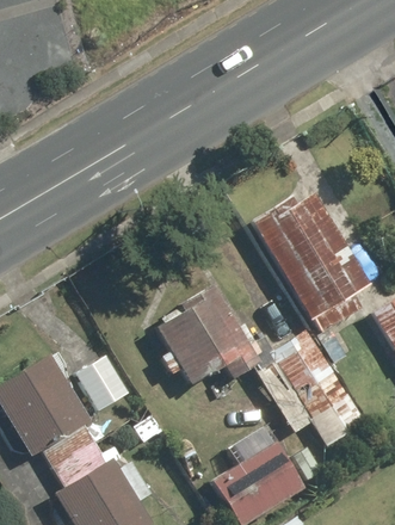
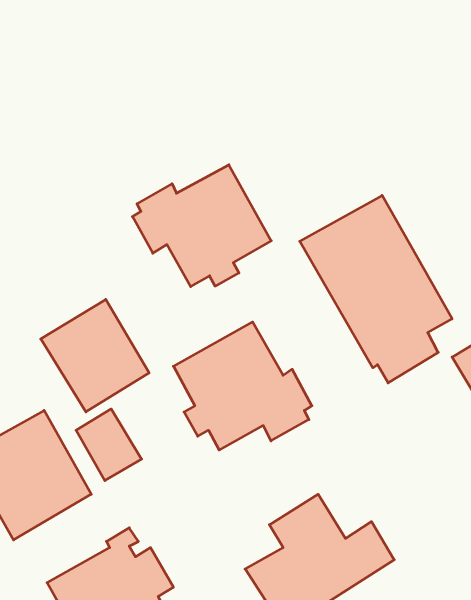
building: none -> [132,165,271,287]
building: none -> [41,299,149,412]
building: [257,328,368,447] -> none

